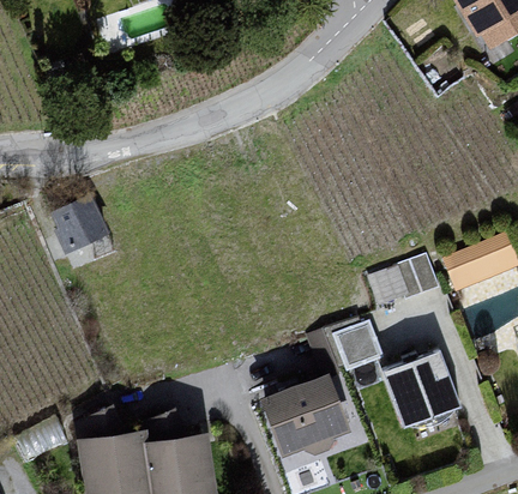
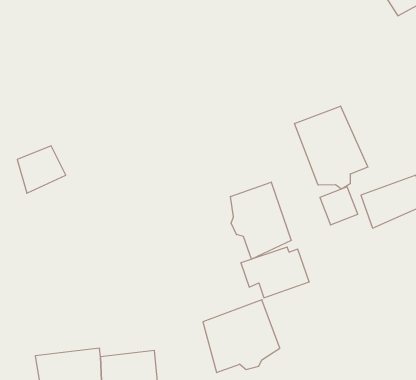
building: none -> [295,106,368,189]
building: none -> [230,182,291,259]
building: [381,351,457,428] -> none

